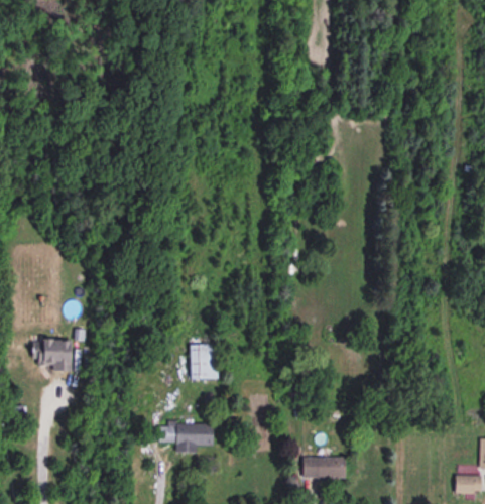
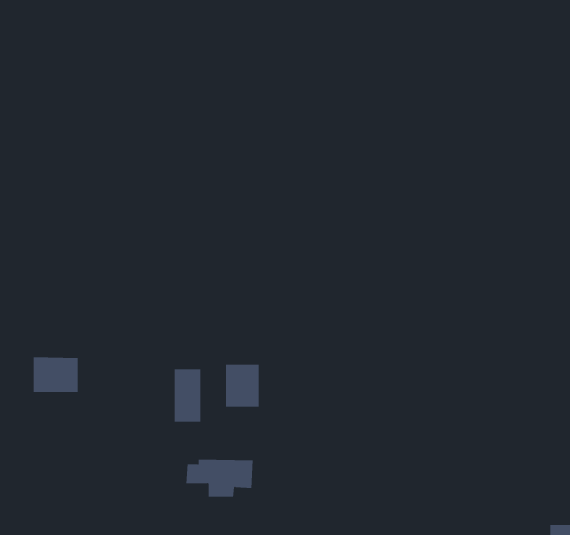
building: none -> [174,368,201,423]
building: [302,457,346,478] -> none

